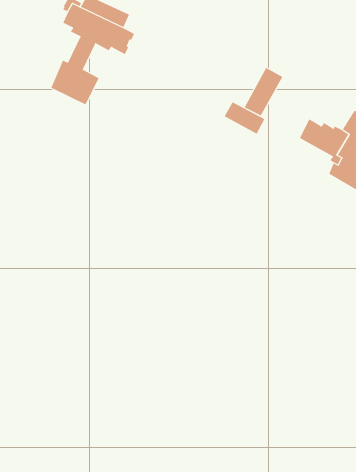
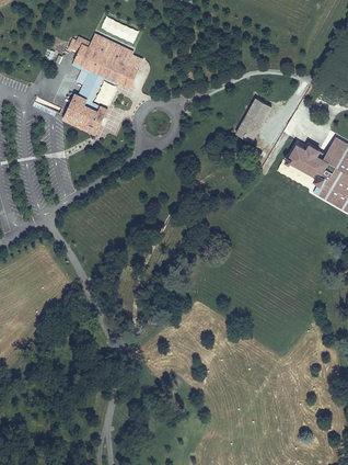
building: [224,102,265,134] -> none

